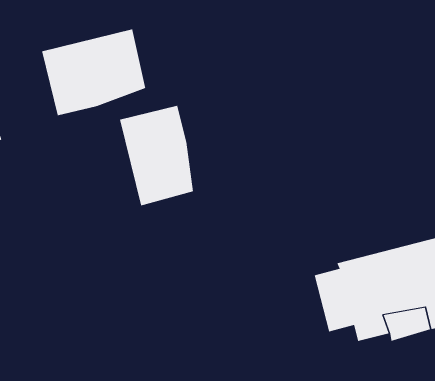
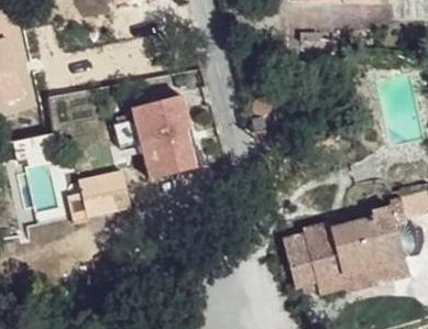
building: [42,28,146,116] -> none
building: none -> [74,172,125,209]

